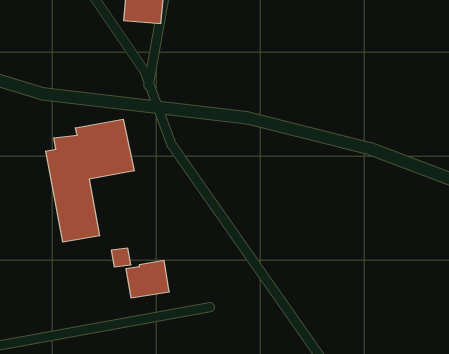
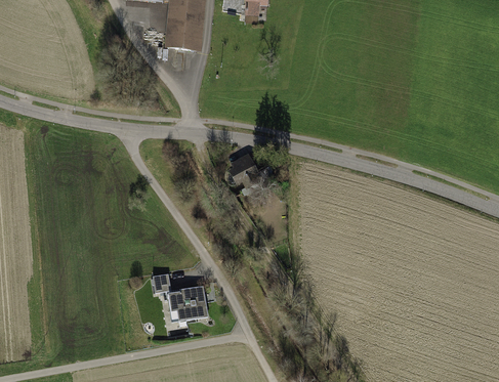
building: [46,119,134,242] -> none
building: none -> [227,154,261,192]

